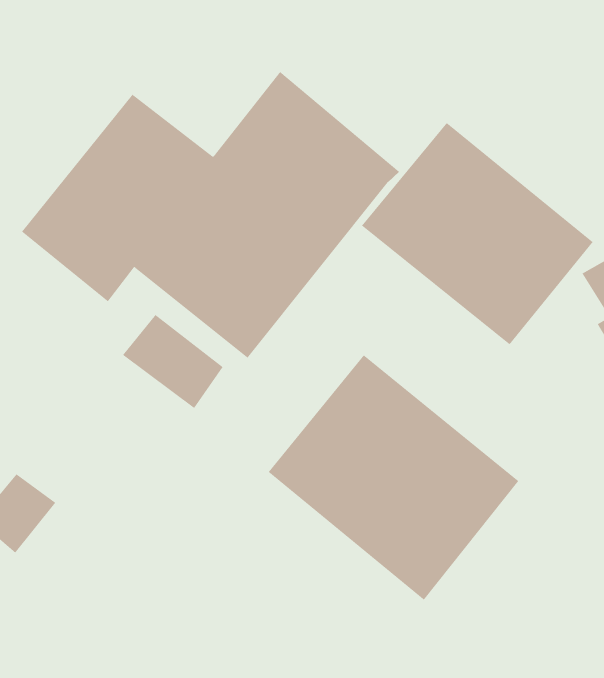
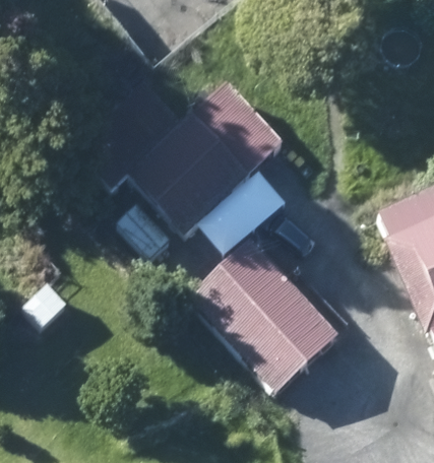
building: [361,122,594,345] -> none

